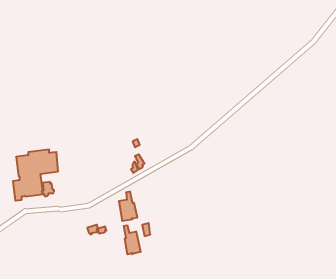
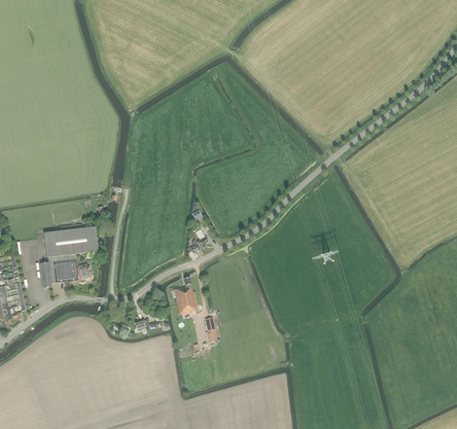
building: [124,225,141,254] -> none

